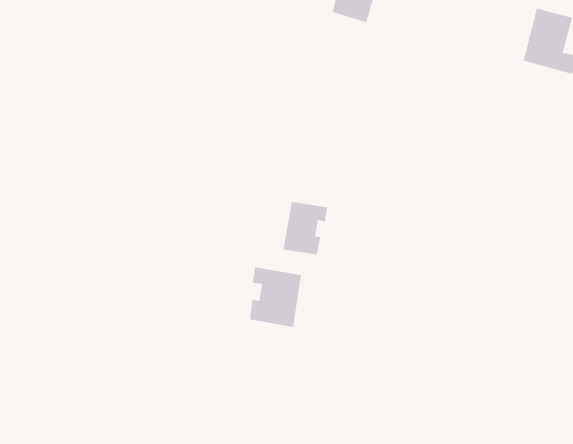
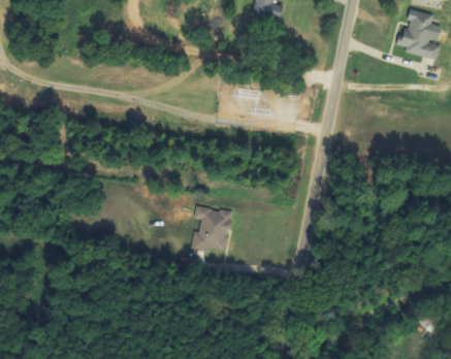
building: [283,201,328,255] -> none

